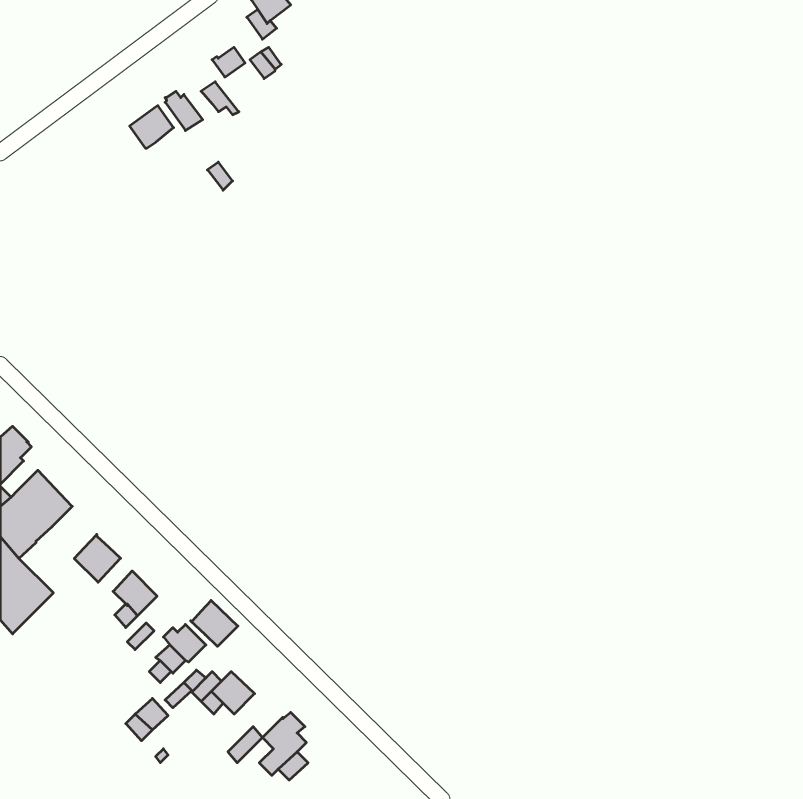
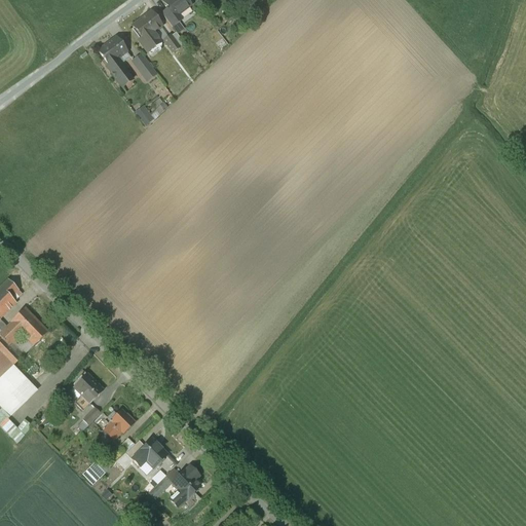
building: none -> [133,10,161,38]
building: [130,106,174,148] -> [98,36,126,64]
building: [74,534,121,582] -> none
building: [191,600,238,646] -> none

